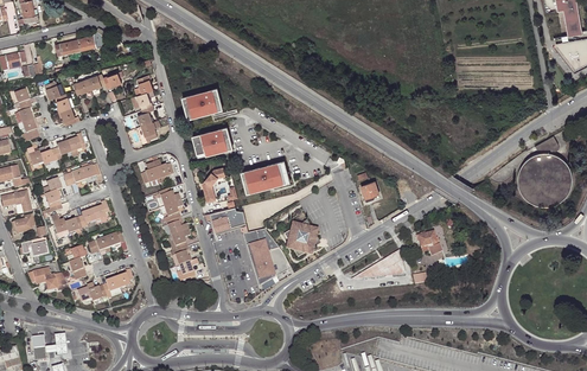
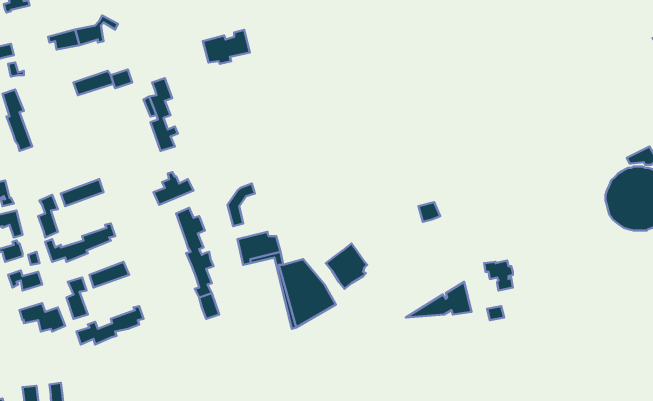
building: [45,79,79,124] -> none
building: [181,88,221,116] -> [203,30,250,64]
building: [191,127,230,155] -> none
building: [26,133,84,165] -> none
building: [241,161,286,191] -> none

